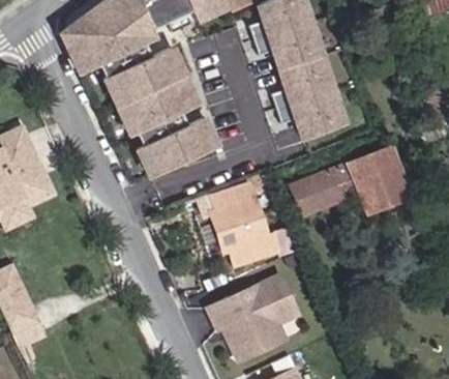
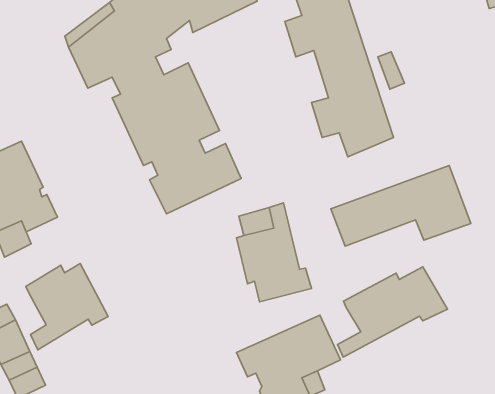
building: none -> [26,263,108,350]
building: none -> [337,267,447,357]

